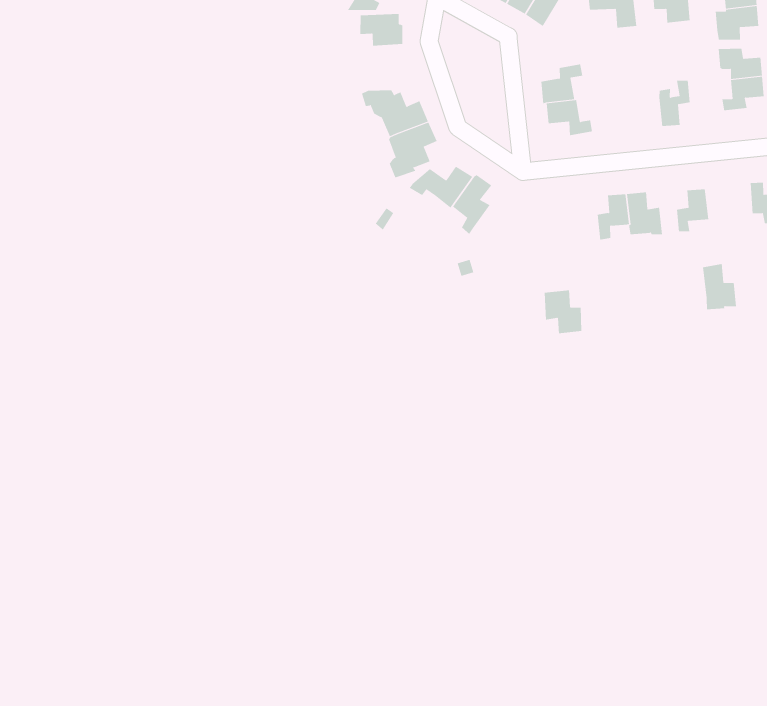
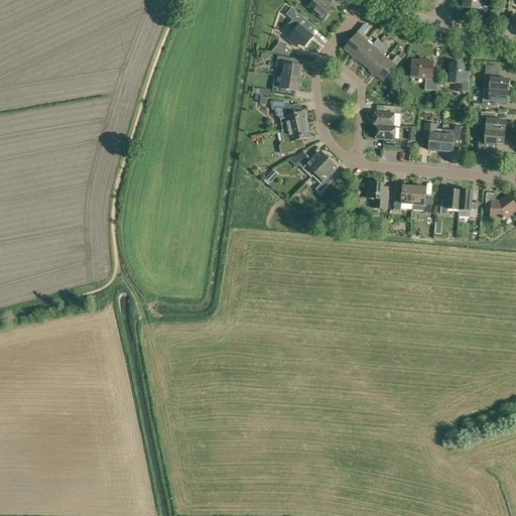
building: none -> [271,74,299,96]
building: none -> [423,122,442,149]
building: [702,264,737,310] -> [458,189,477,216]
building: [544,290,582,334] -> [366,180,388,207]

